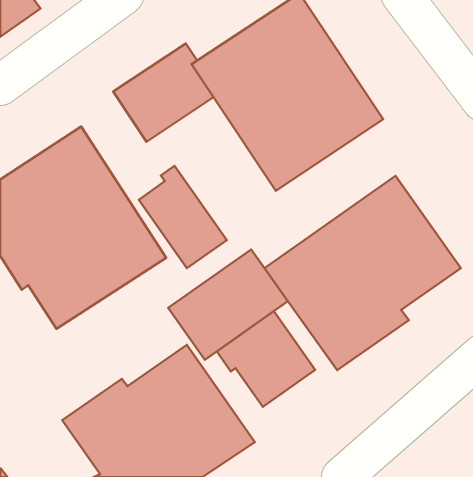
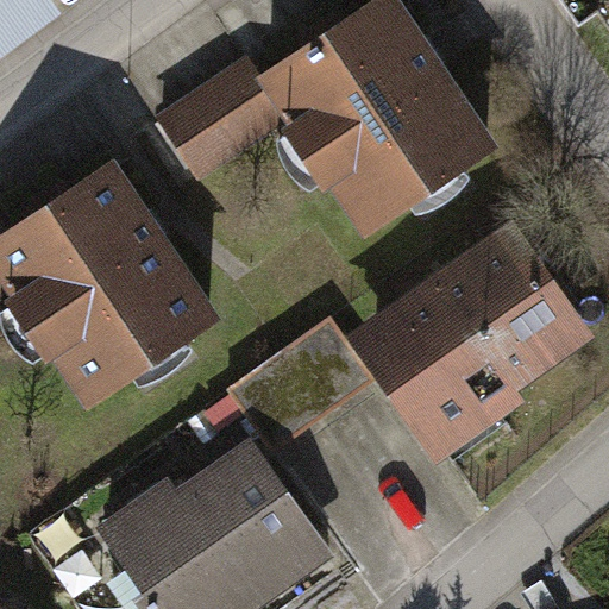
building: [139,166,227,268] -> none
building: [217,311,315,407] -> none

